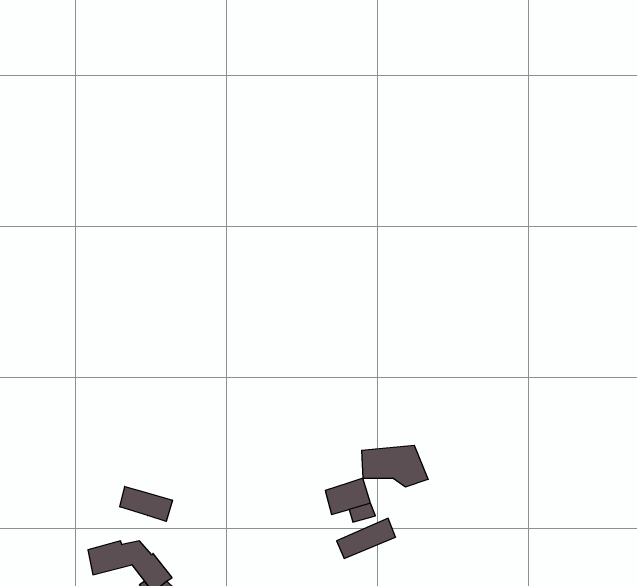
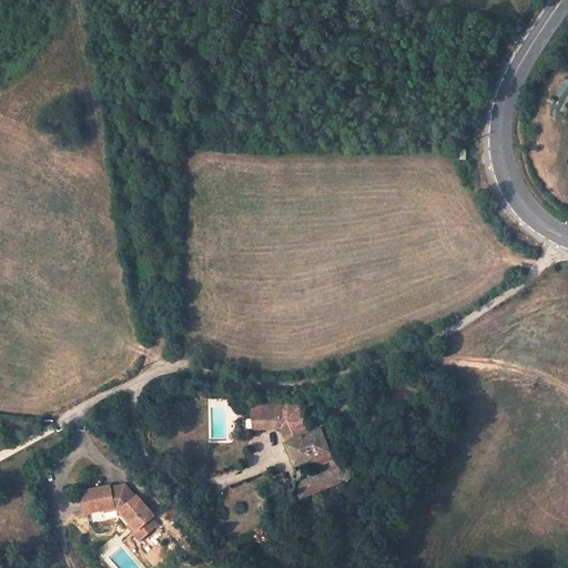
building: [362,445,428,487] -> [248,403,307,439]
building: [120,486,172,521] -> none

